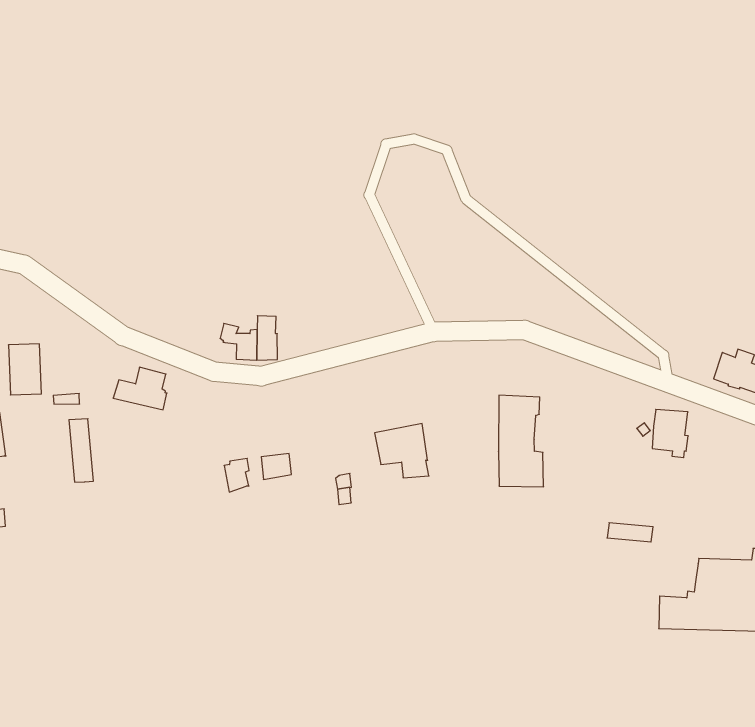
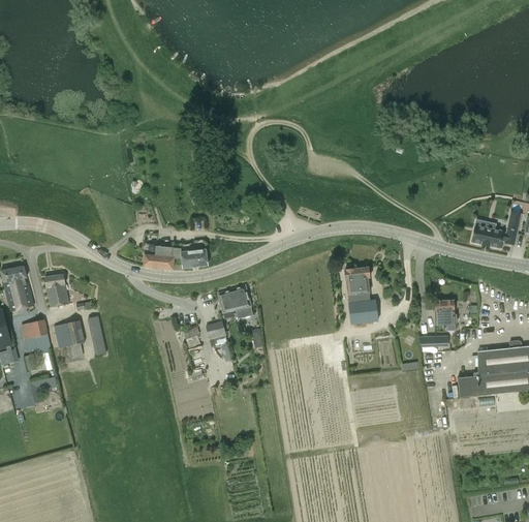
building: [113,367,167,410] -> [143,245,175,269]
building: [652,409,688,458] -> [434,300,456,328]
building: none -> [54,319,85,357]
building: [375,424,429,478] -> [217,284,253,318]

